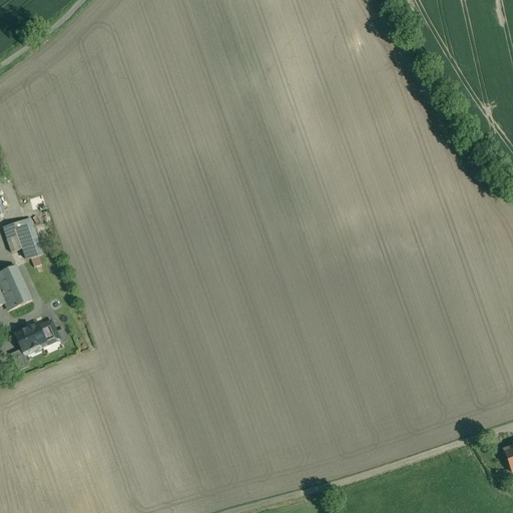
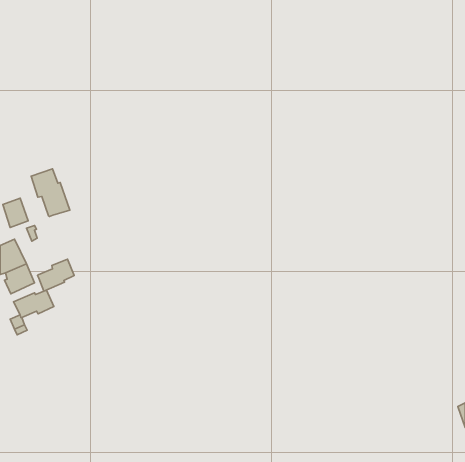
building: none -> [31,169,70,217]
building: none -> [38,259,74,291]

